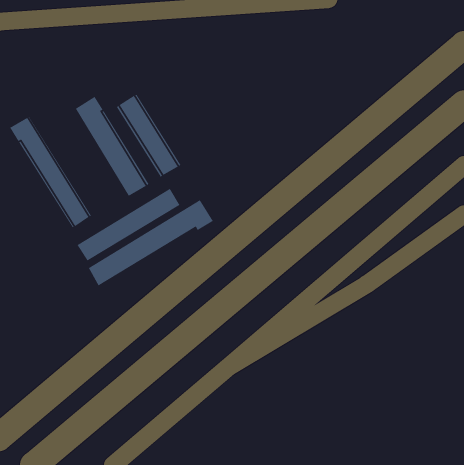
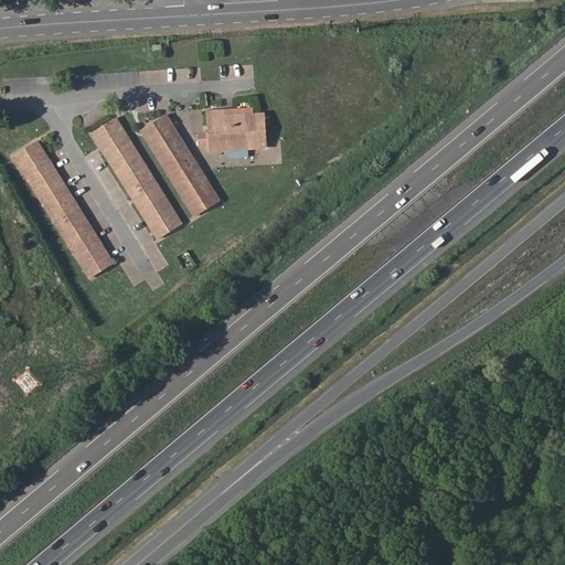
building: none -> [199,107,266,150]
building: [76,188,180,261] -> none
building: [88,199,214,287] -> none

